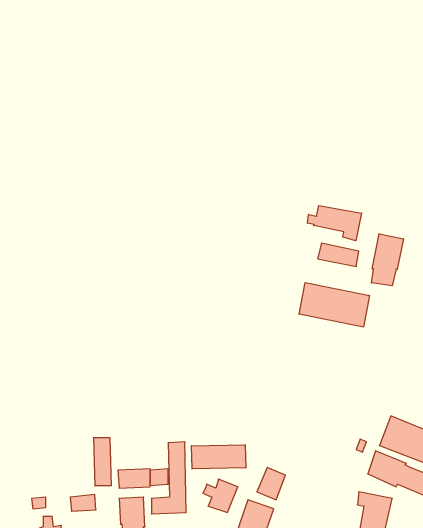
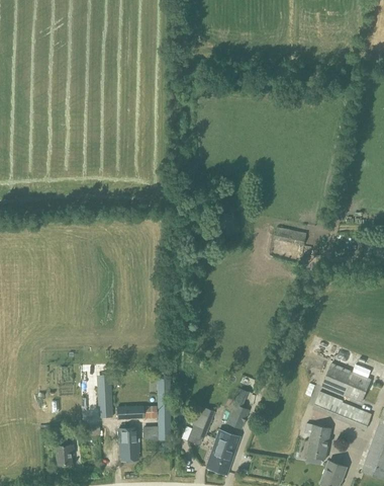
building: [307,206,362,241] -> none
building: [371,234,403,286] -> none
building: [299,283,369,327] -> none
building: [192,445,246,469] -> none

